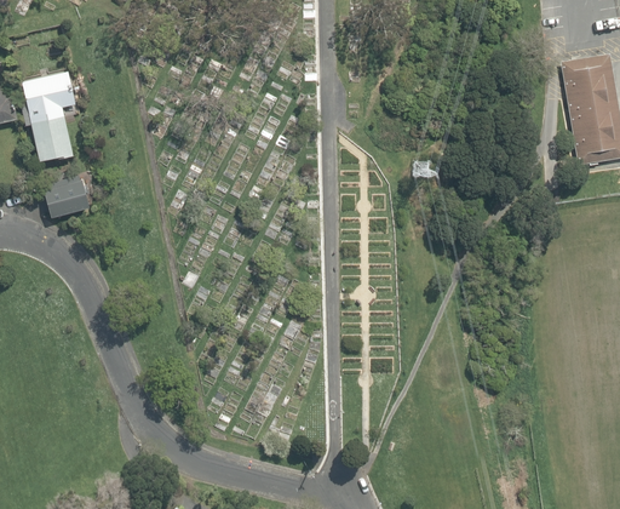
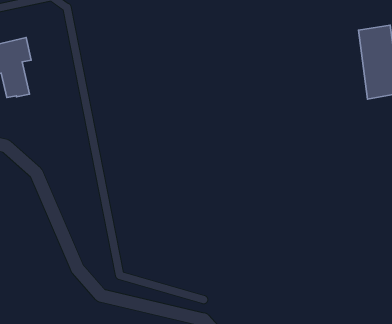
building: [41,175,88,217] -> none

